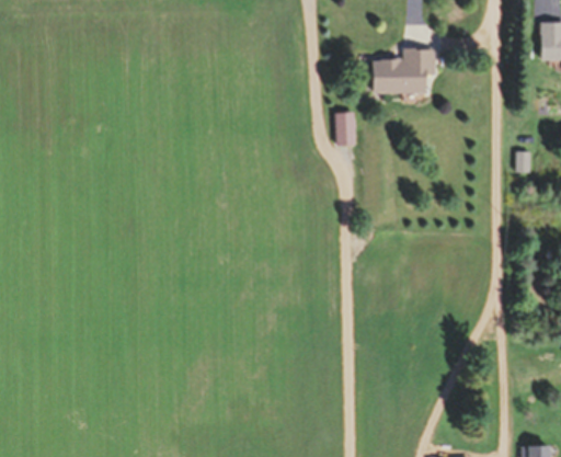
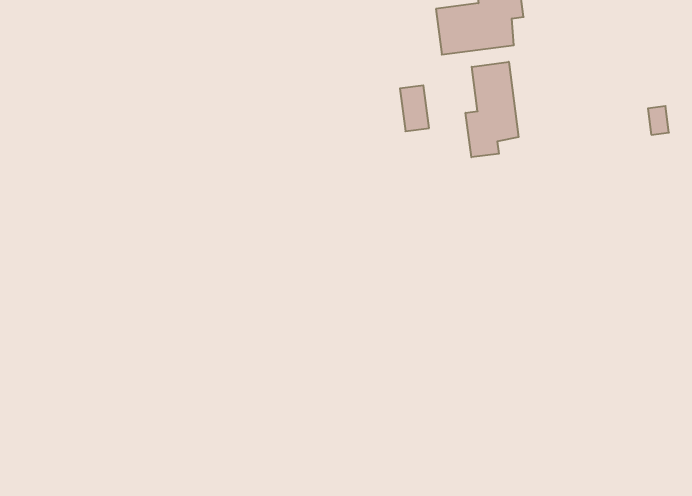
building: none -> [466,62,519,157]

